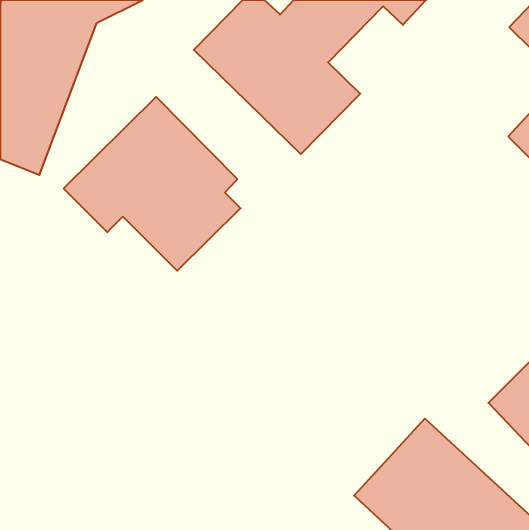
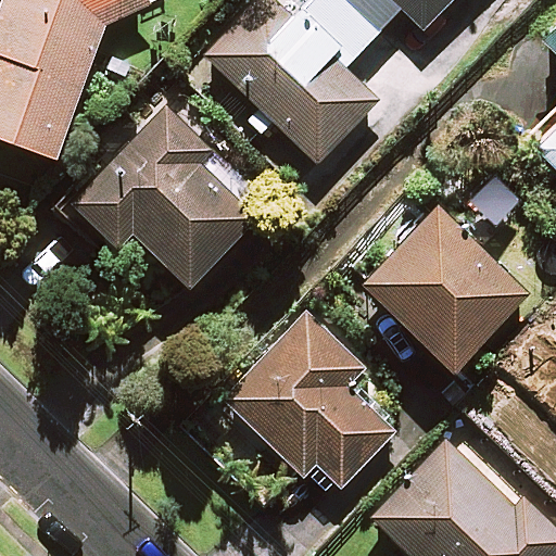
building: none -> [364,206,528,370]
building: none -> [225,313,393,486]

